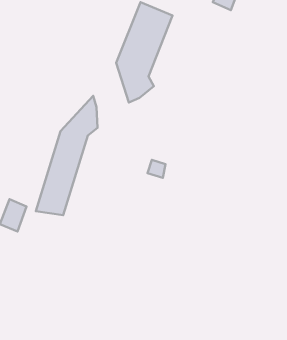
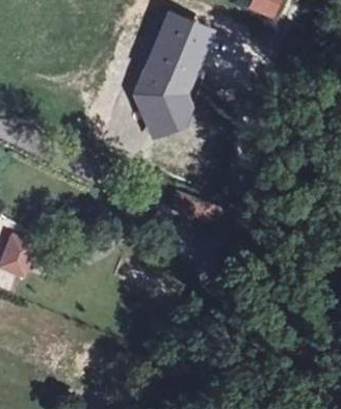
building: [36,96,97,215] -> none

